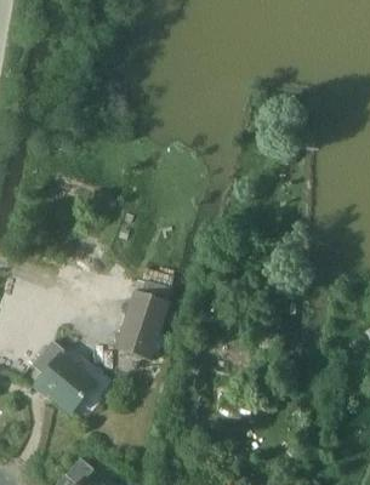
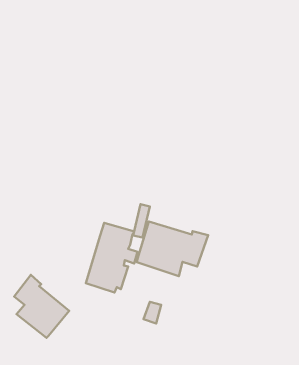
building: none -> [137,221,208,276]

